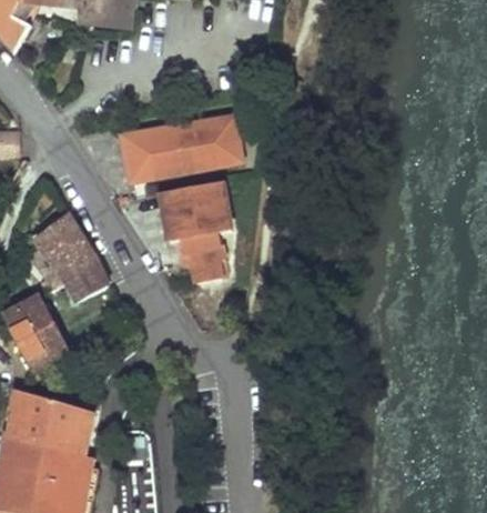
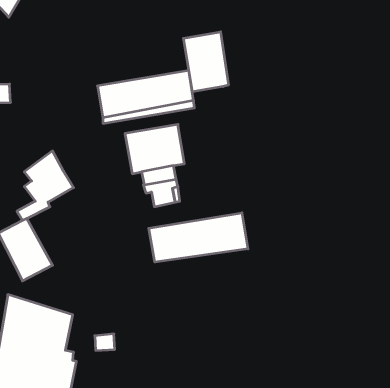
building: none -> [183,32,228,92]
building: [63,258,106,302] -> none
building: none -> [149,213,248,262]

